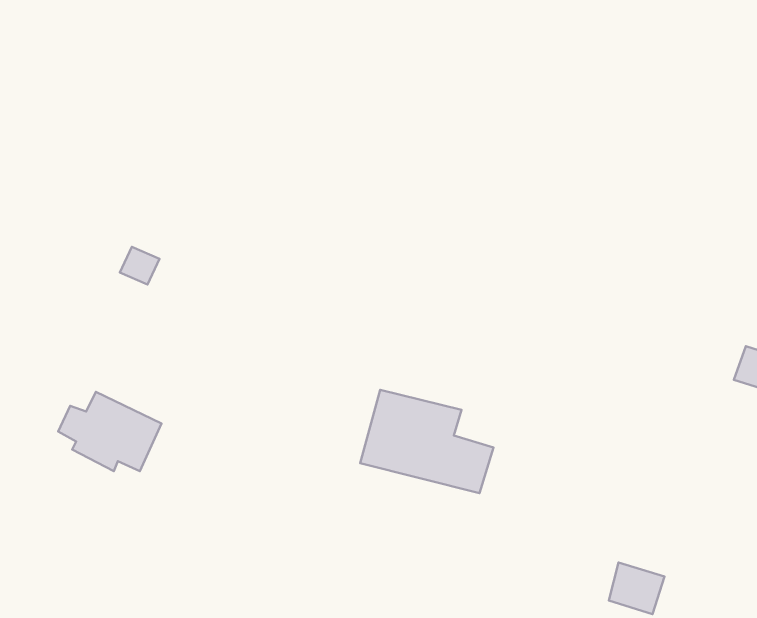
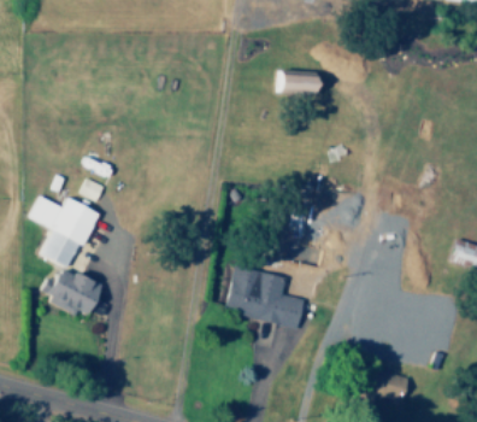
building: none -> [267,72,310,94]
building: none -> [30,195,101,266]

